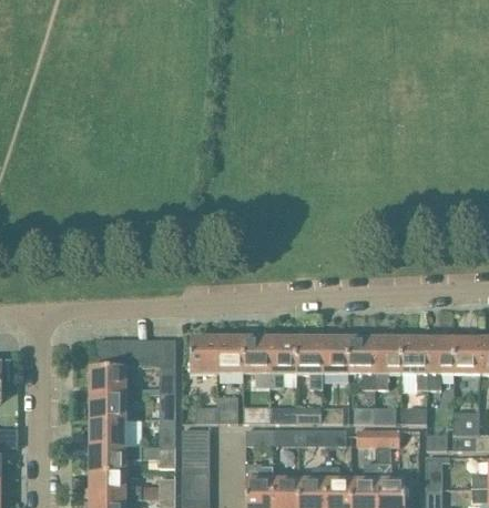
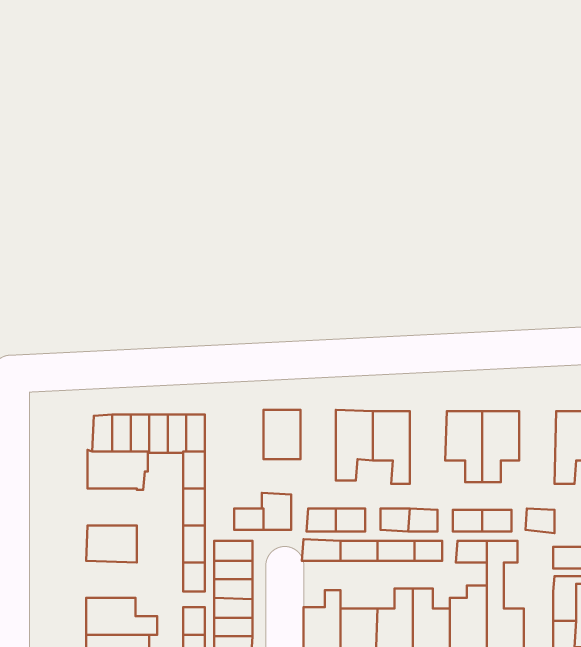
building: [190,336,216,372] -> none
building: [243,336,268,387] -> none
building: [322,337,348,373] -> none
building: [400,337,427,389] -> none
building: [90,393,125,419] -> none
building: [89,445,141,471] -> none

